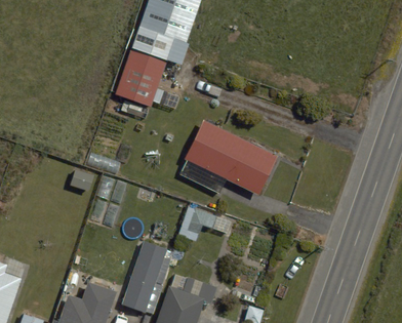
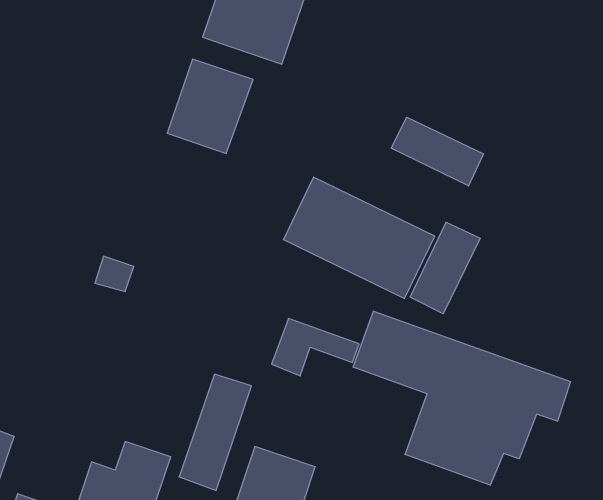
building: none -> [391,117,483,186]
building: none -> [410,222,480,314]
building: none -> [353,311,571,485]

